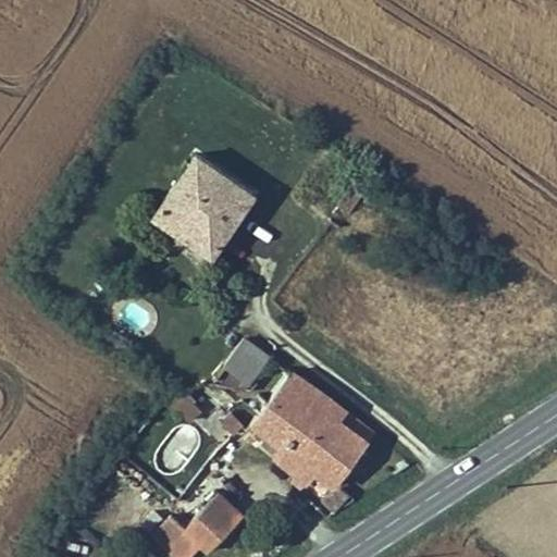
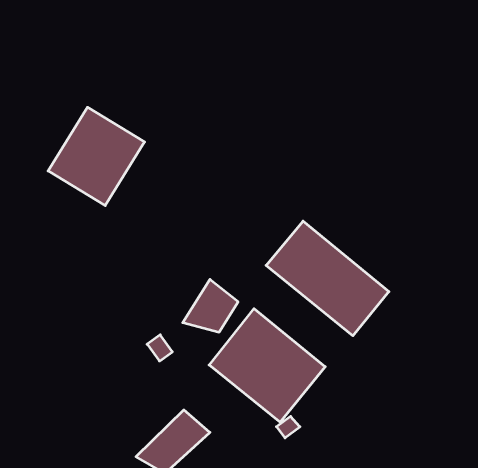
building: [148,150,260,264] -> [48,107,145,206]
building: none -> [266,221,389,336]

